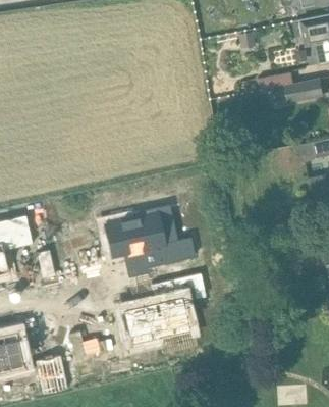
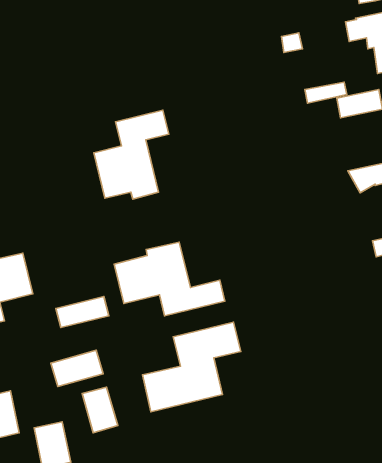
building: none -> [94,110,169,199]
building: none -> [56,297,109,328]
building: none -> [51,350,103,387]

